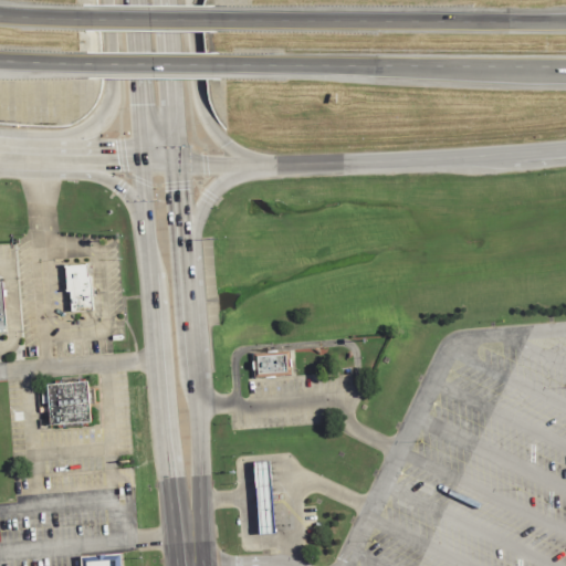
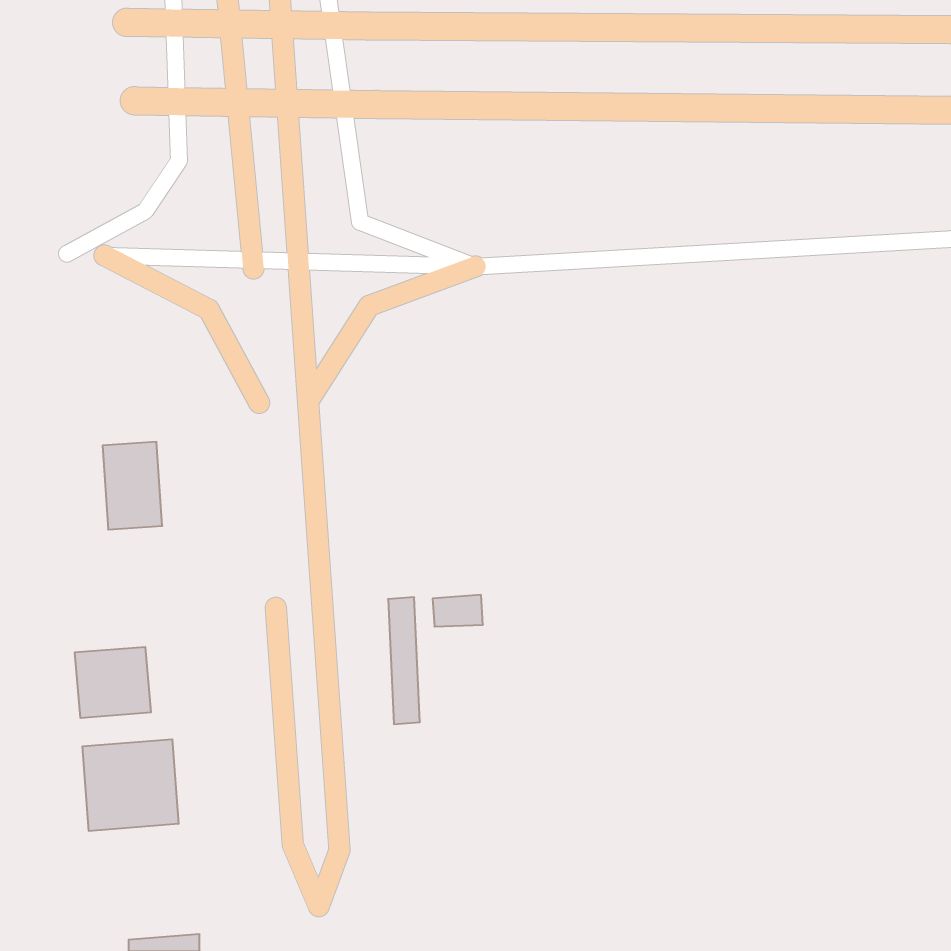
building: none -> [83,739,178,831]
building: [254,460,273,535] -> [388,597,420,724]

